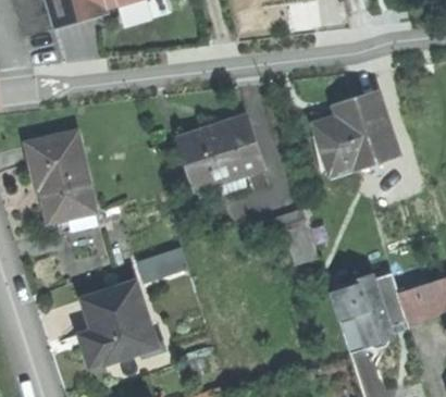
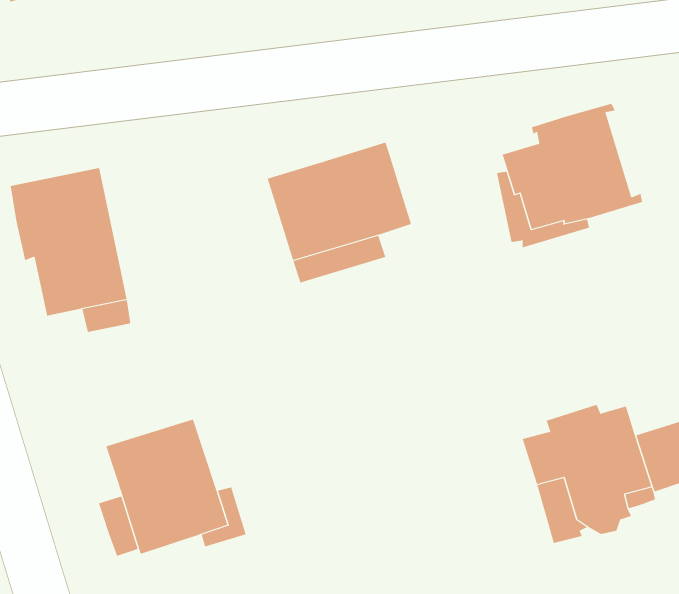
building: [277,208,320,265] -> none
building: [136,247,186,282] -> none

